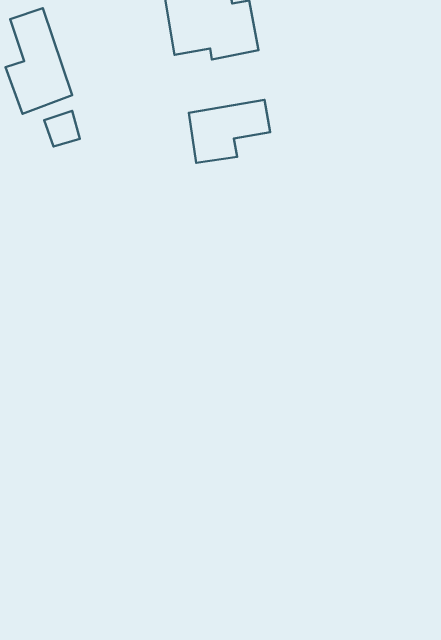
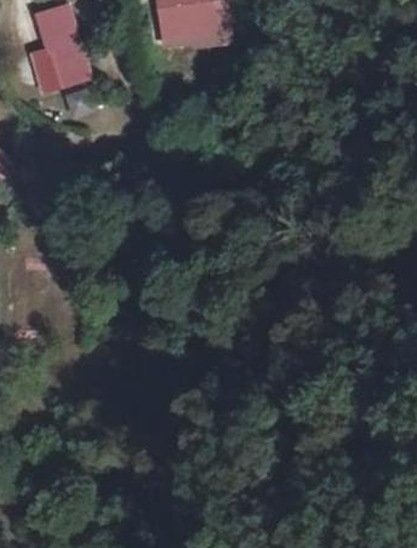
building: [189,100,270,163] -> none

